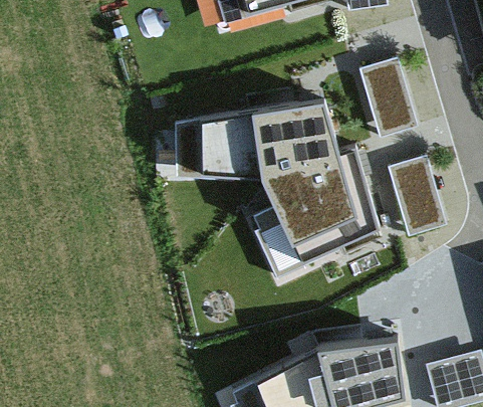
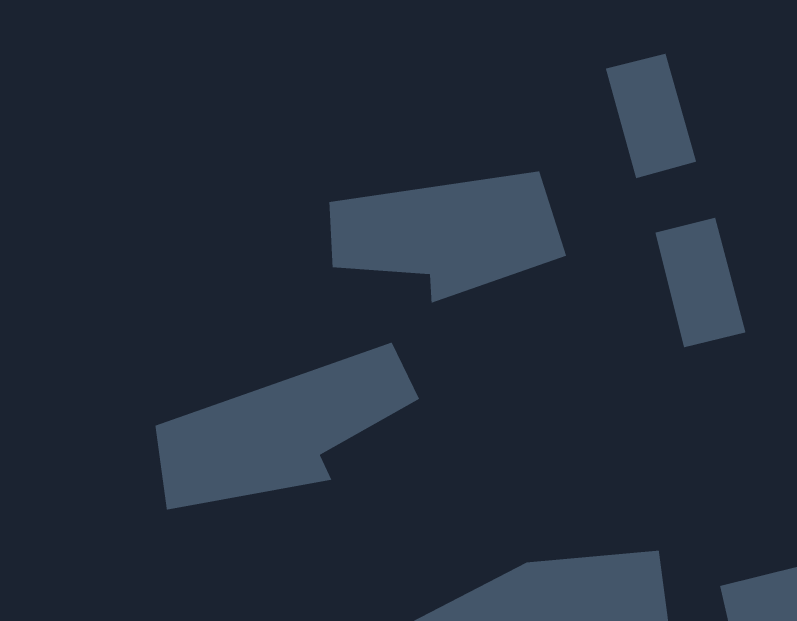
building: [261,164,375,265] -> none
building: none -> [154,342,420,511]

